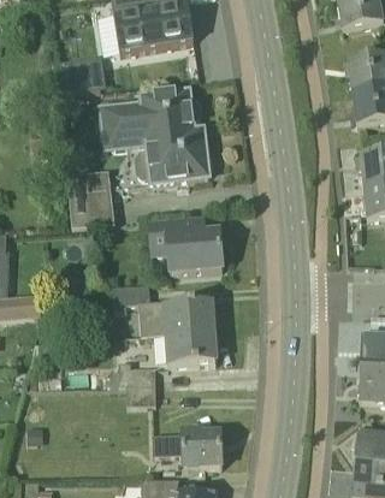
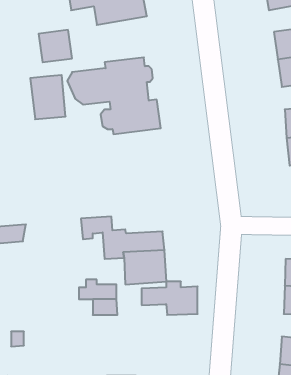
building: [69,174,112,229] -> [30,75,66,119]
building: [149,217,224,271] -> none
building: [153,426,221,467] -> [142,282,198,315]

